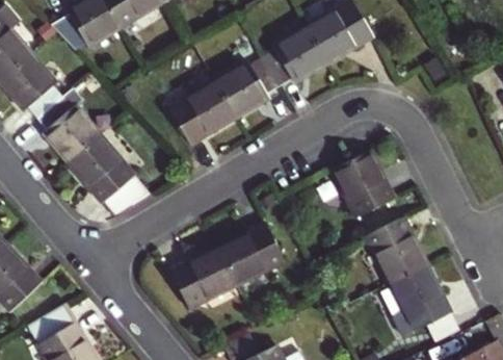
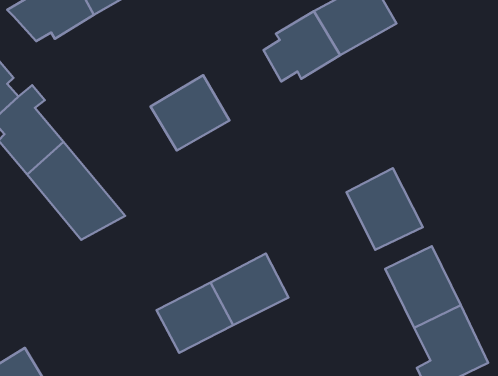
building: [213,57,277,115] -> none

